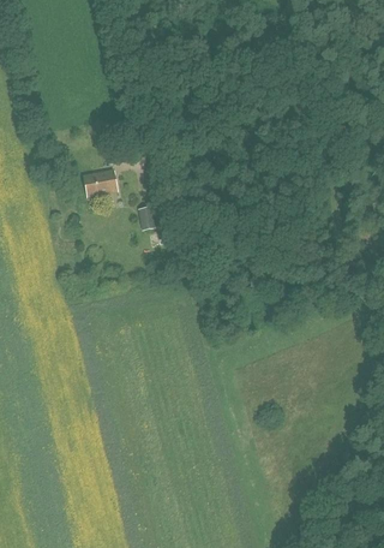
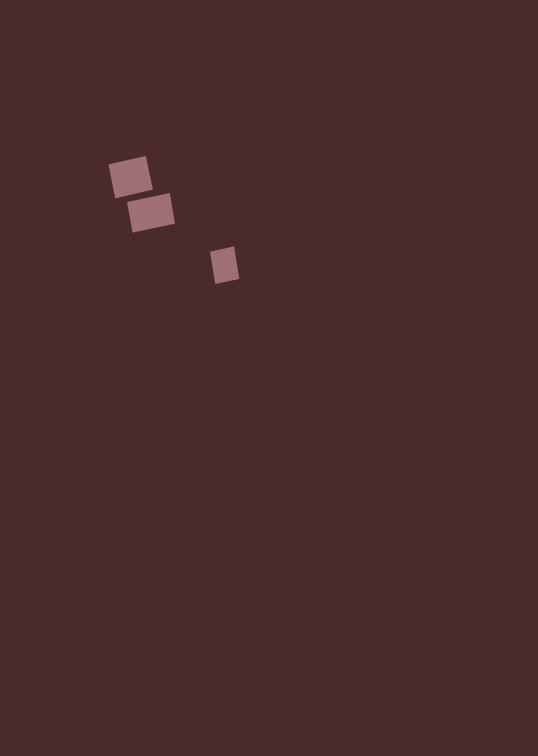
building: none -> [108,155,154,199]

